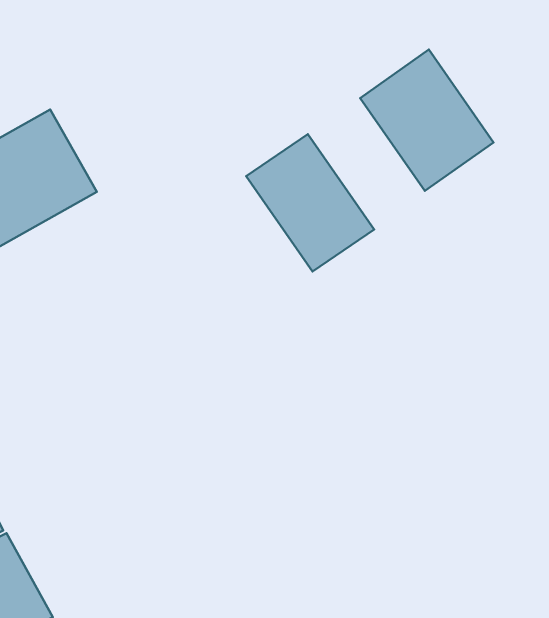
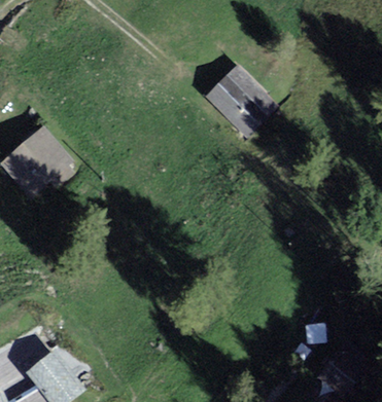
building: [246,134,374,271] -> none

